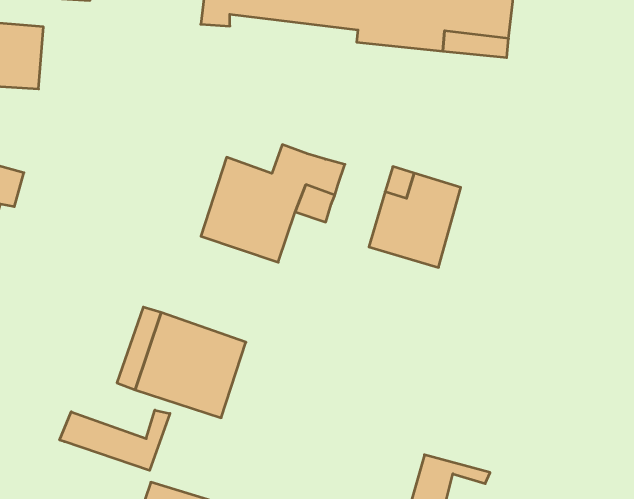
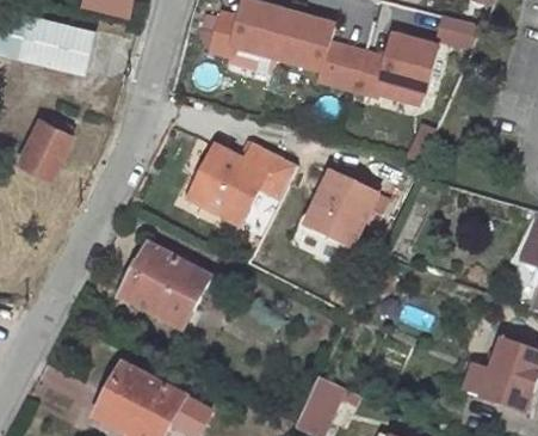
building: [60,410,170,470] -> none

